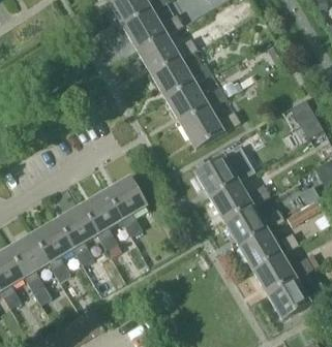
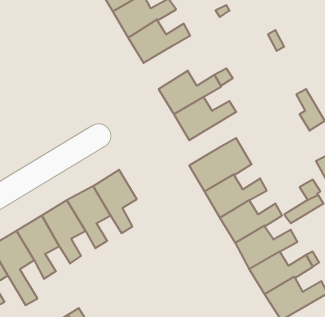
building: [152,58,211,99] -> none

